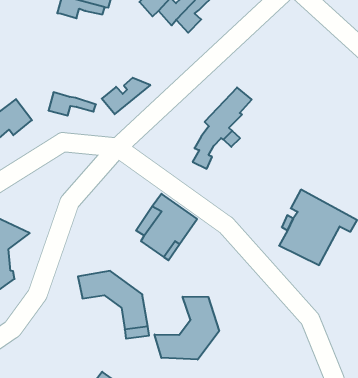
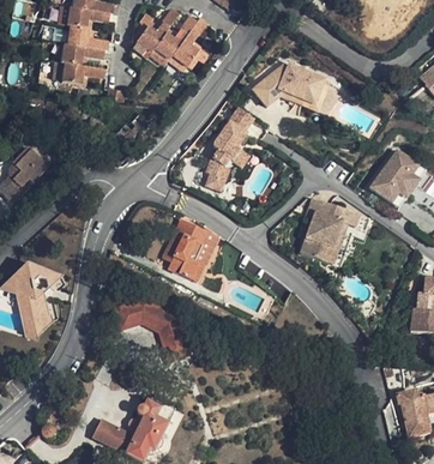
building: none -> [254,64,349,116]
building: [48,92,96,116] -> [60,61,104,82]
building: [155,297,219,360] -> none

